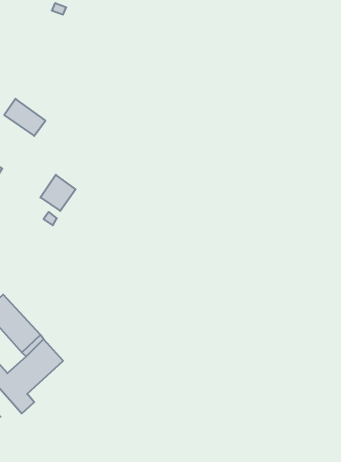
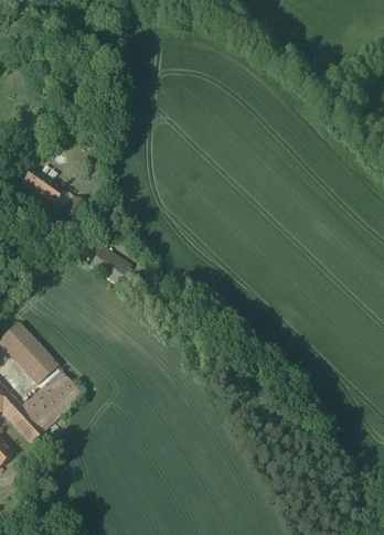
building: [4,99,45,136] -> [21,165,65,205]
building: none -> [89,248,128,282]

